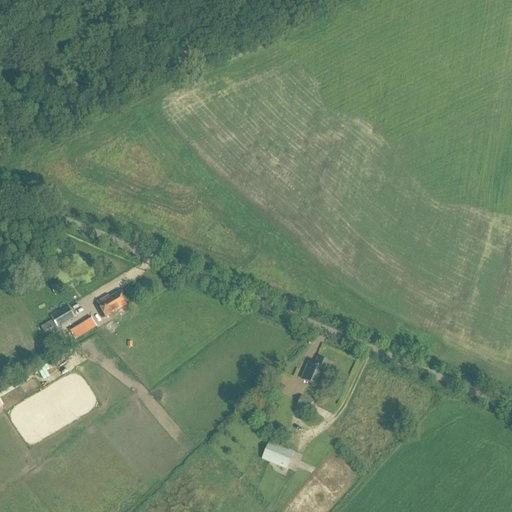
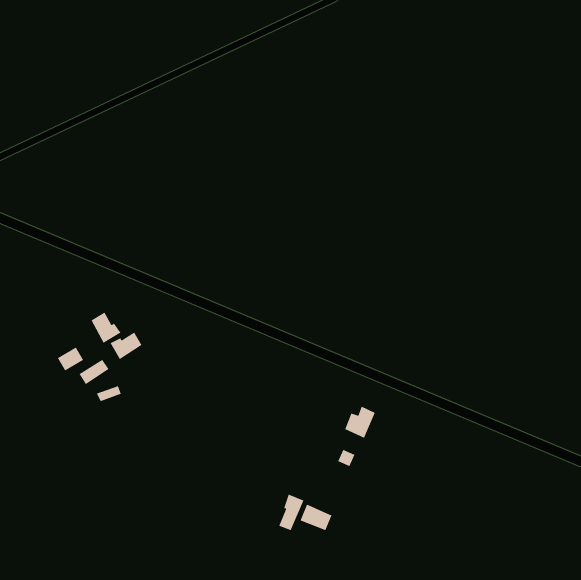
building: none -> [90,311,122,344]
building: none -> [278,494,305,531]

